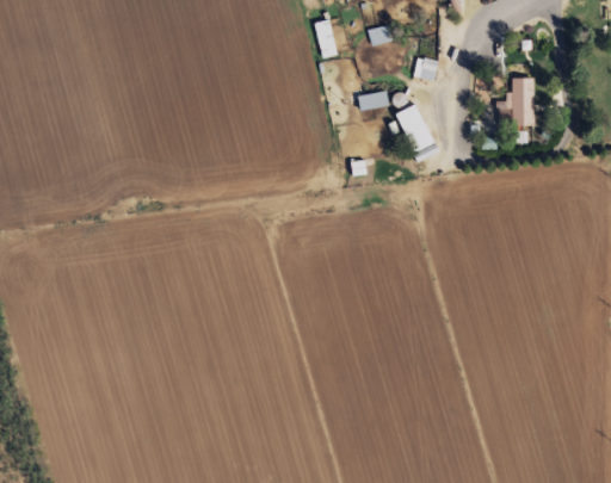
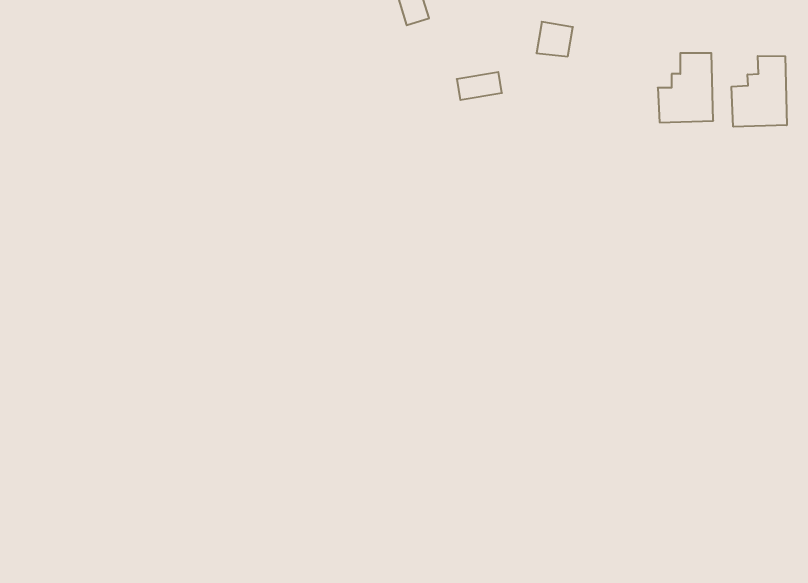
building: none -> [732,56,787,127]
building: [396,104,437,161] -> none

